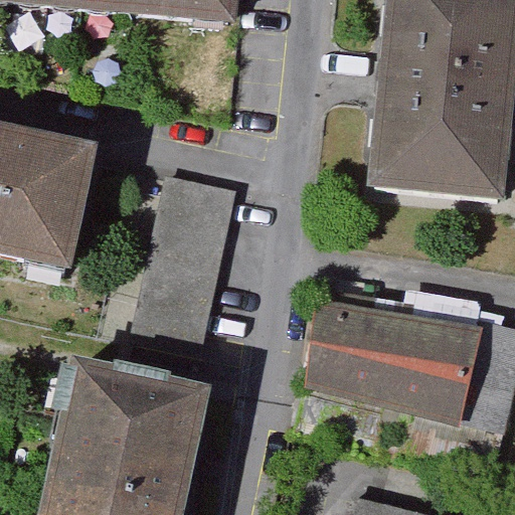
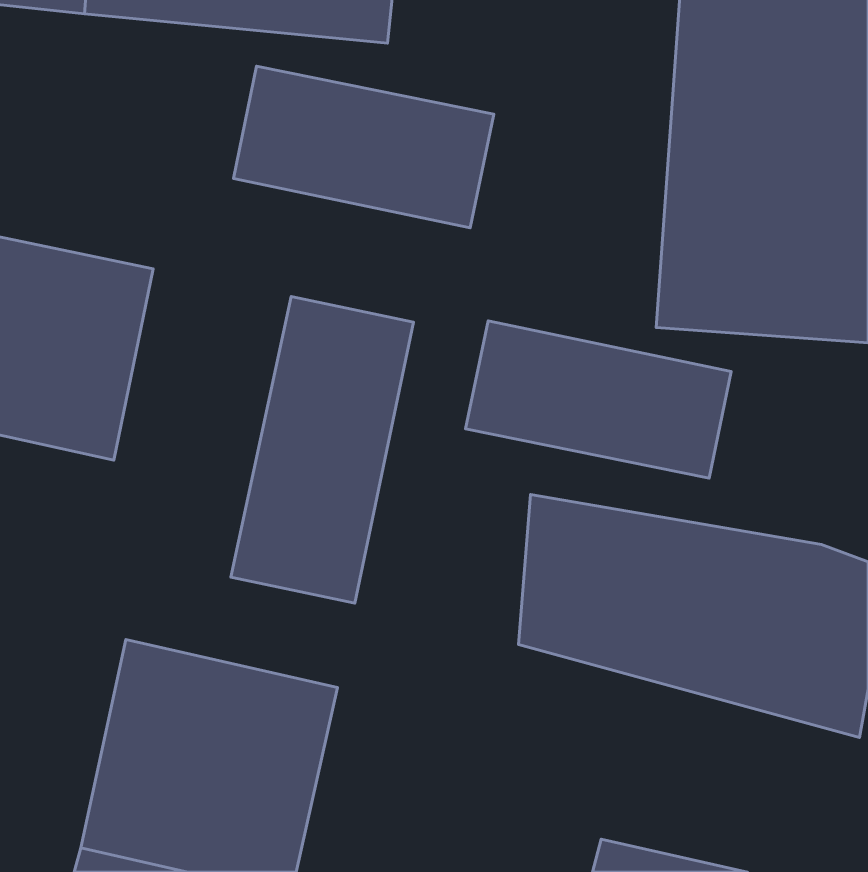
building: none -> [233,66,494,228]
building: none -> [466,321,731,478]

